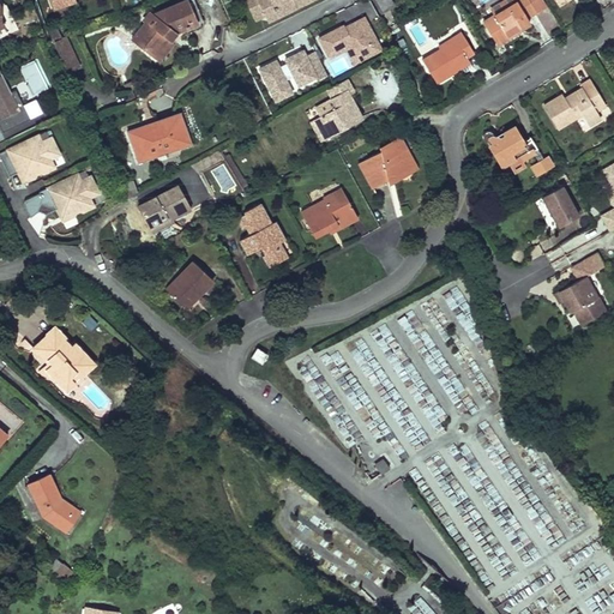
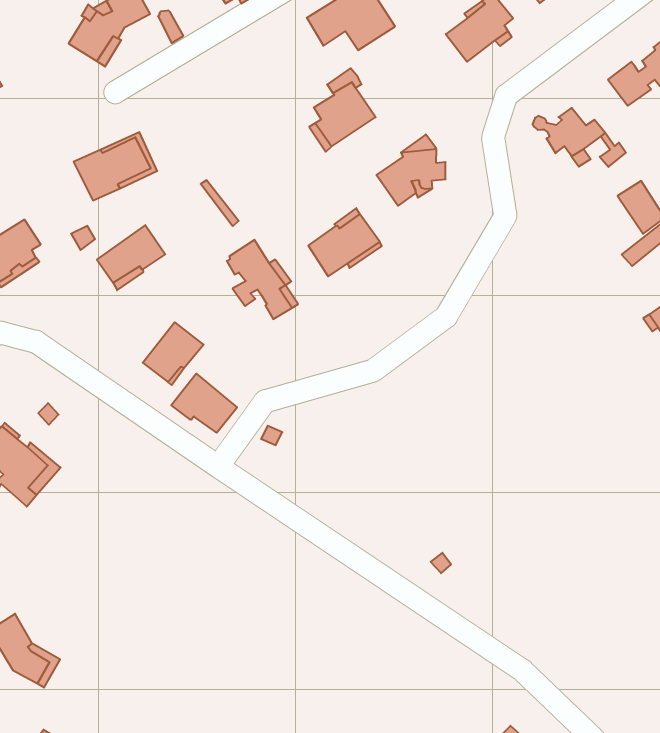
building: [257,46,327,103] -> none
building: none -> [171,374,237,433]

